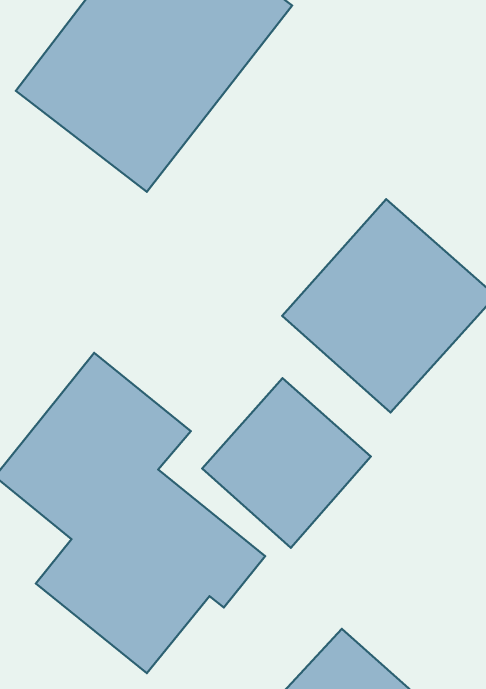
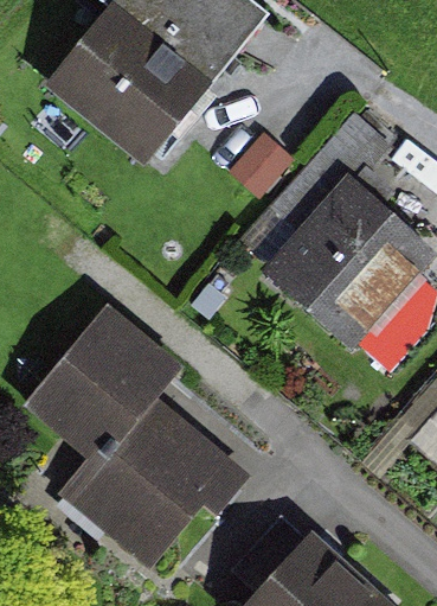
building: [202,378,371,548] -> none

